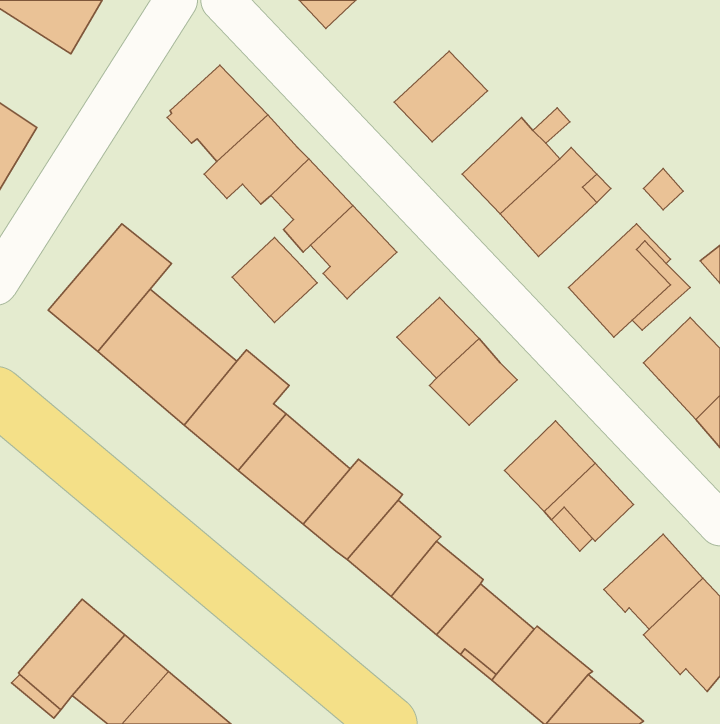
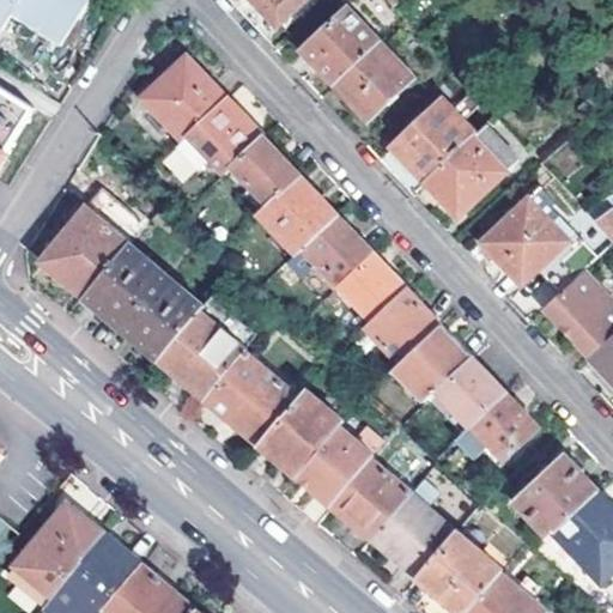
building: none -> [299,6,380,86]
building: [232,238,317,323] -> [299,213,371,285]
building: none -> [386,321,469,401]

